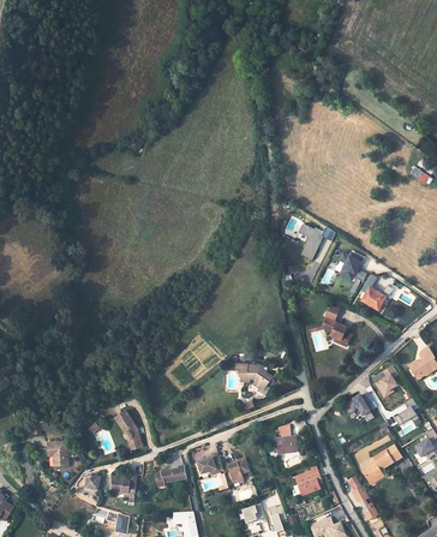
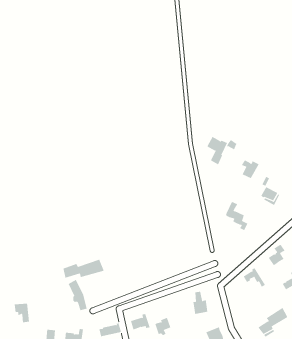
building: [237,362,271,387] -> none
building: none -> [63,259,104,279]

